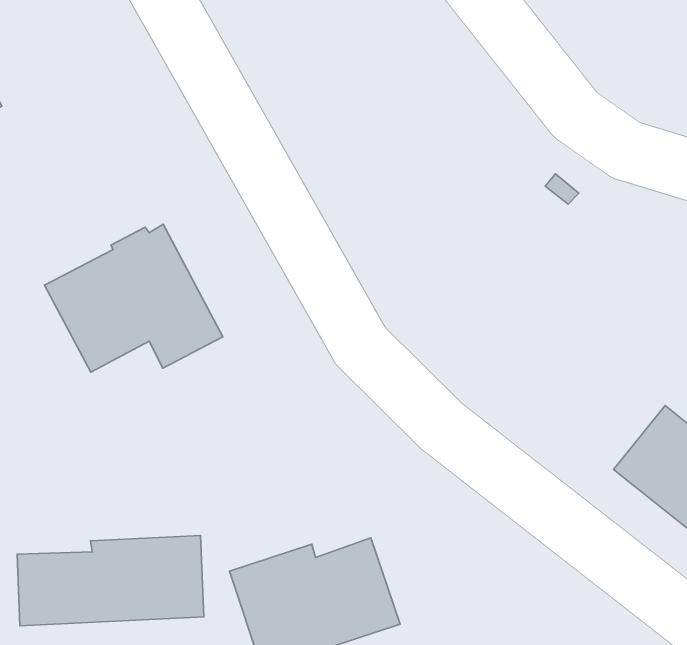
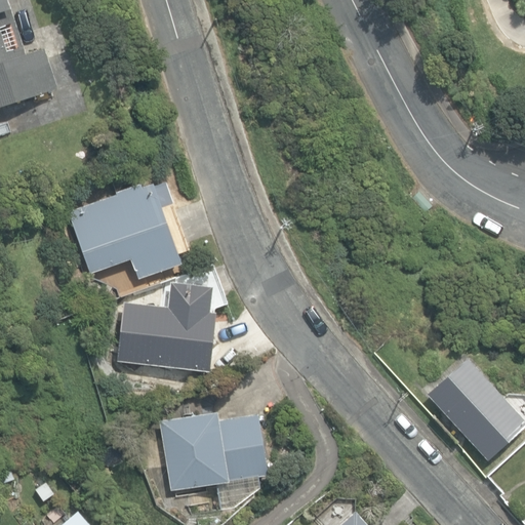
building: none -> [117,267,227,372]
building: [17,535,204,626] -> none

